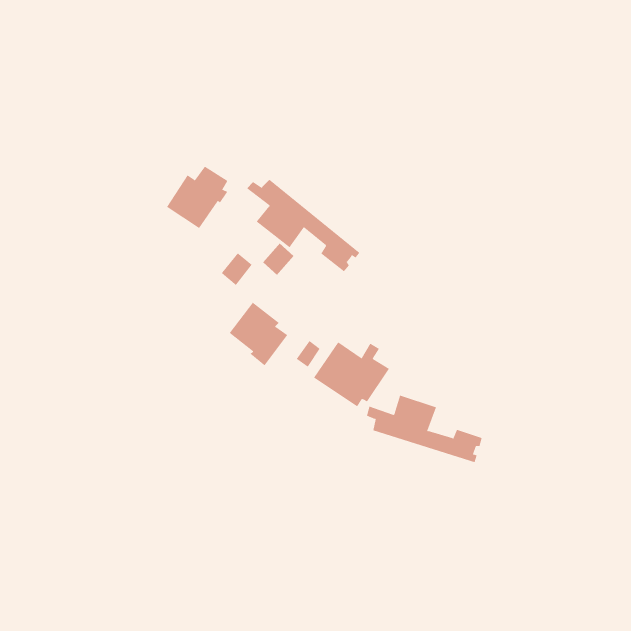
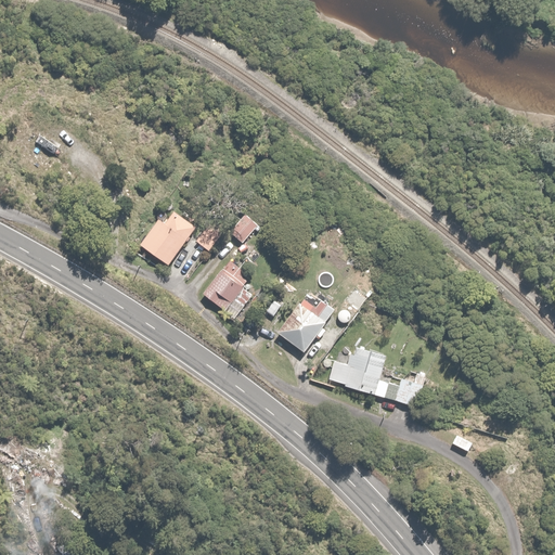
building: [166,166,228,229] -> [139,209,193,264]
building: [246,179,360,272] -> none

